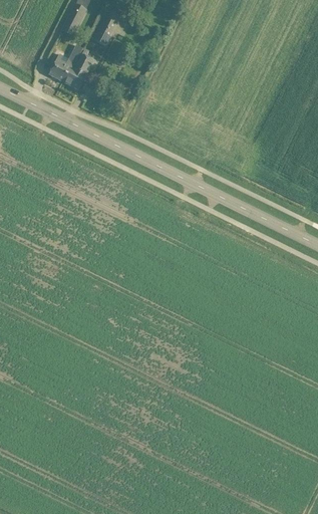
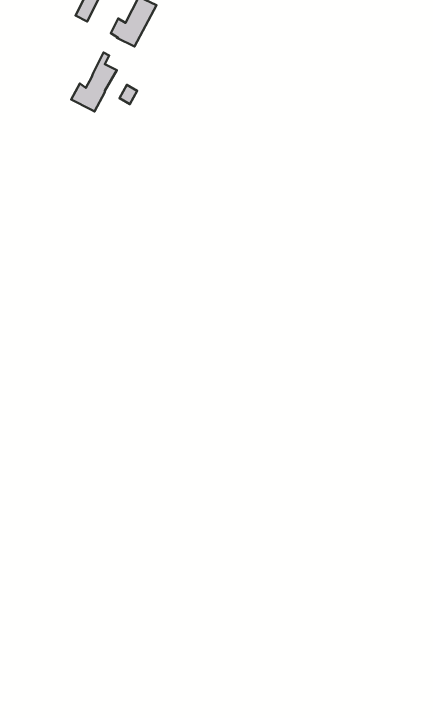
building: [47,45,82,81] -> none

